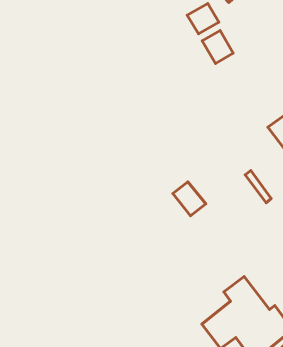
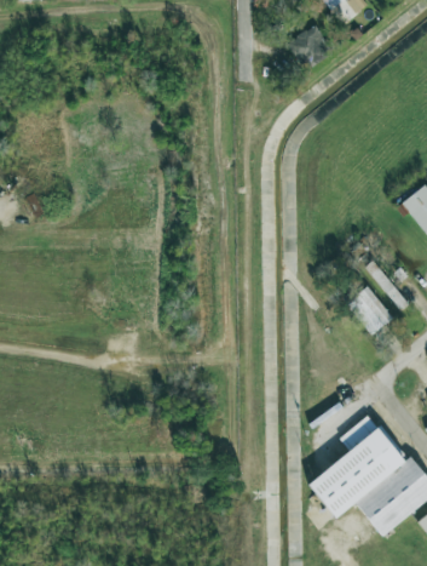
building: [202,30,233,64] -> none
building: [173,182,206,216] -> [347,286,394,335]

